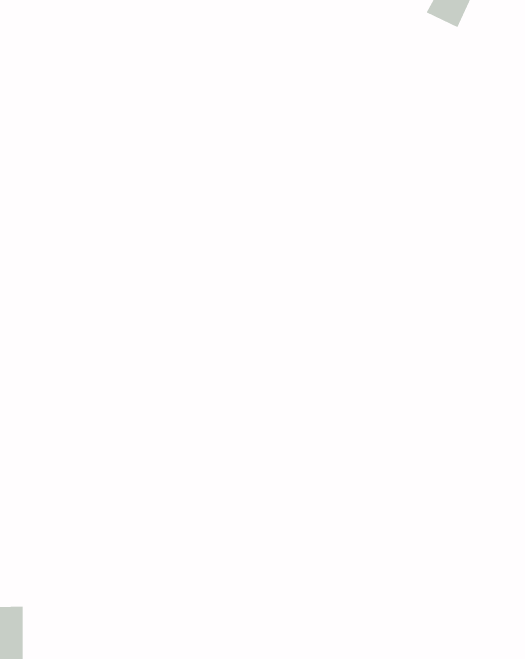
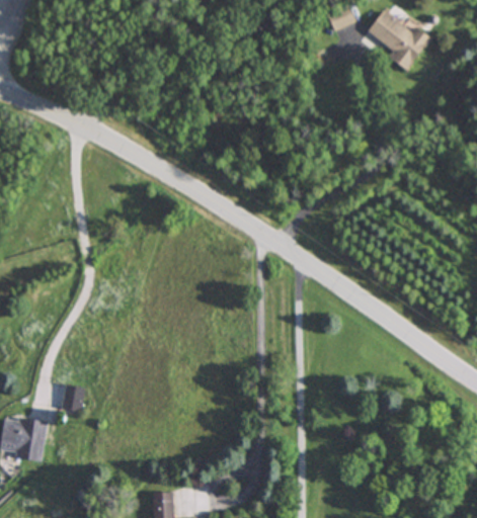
building: none -> [63,385,85,411]

